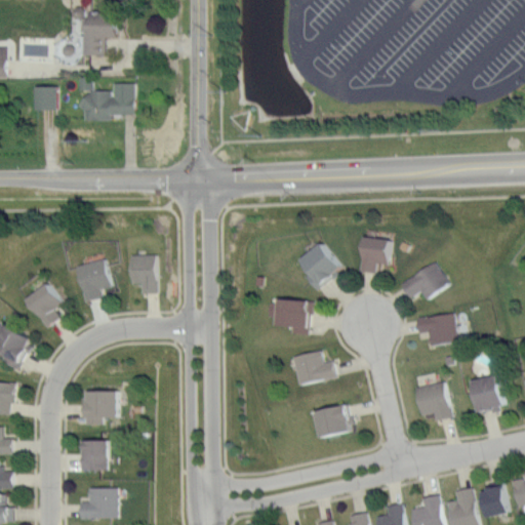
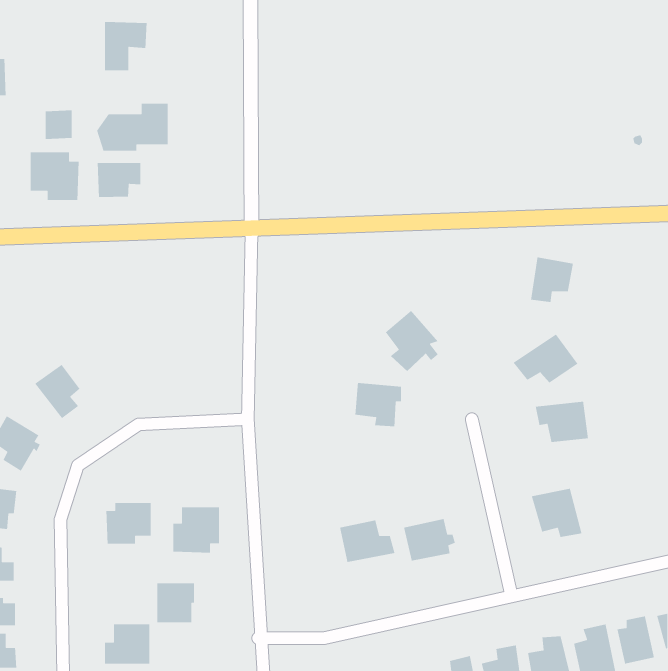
building: none -> [30,151,80,201]
building: none -> [97,162,141,198]
building: [358,237,392,273] -> [530,257,574,303]
building: [129,254,156,293] -> none
building: [76,260,111,302] -> none
building: [292,351,336,385] -> [339,519,396,563]
building: [470,375,503,414] -> none
building: none -> [172,507,220,553]
building: [79,440,109,472] -> [157,582,195,623]

